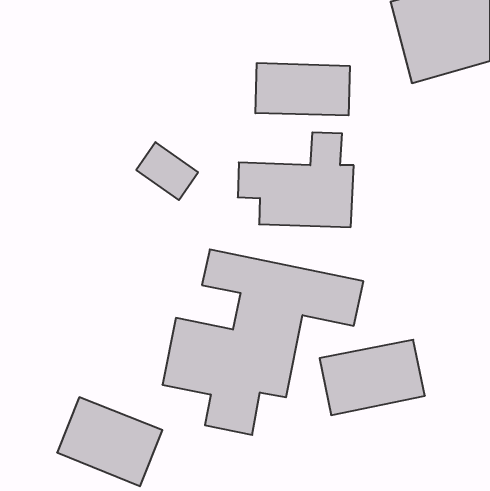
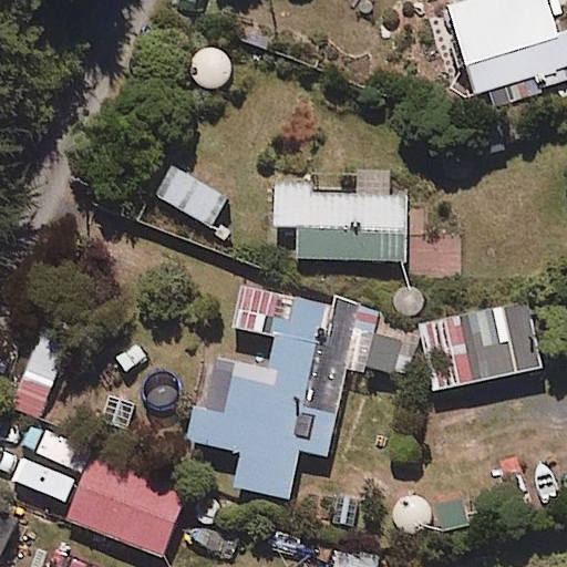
building: [255,63,350,115] -> none
building: [320,340,425,415] -> [423,302,544,389]

